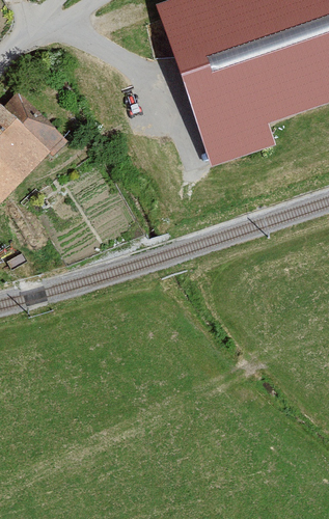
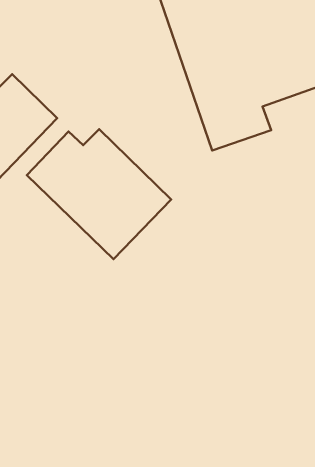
building: none -> [27,129,171,259]

